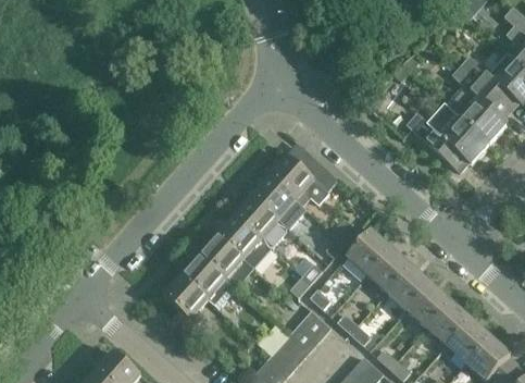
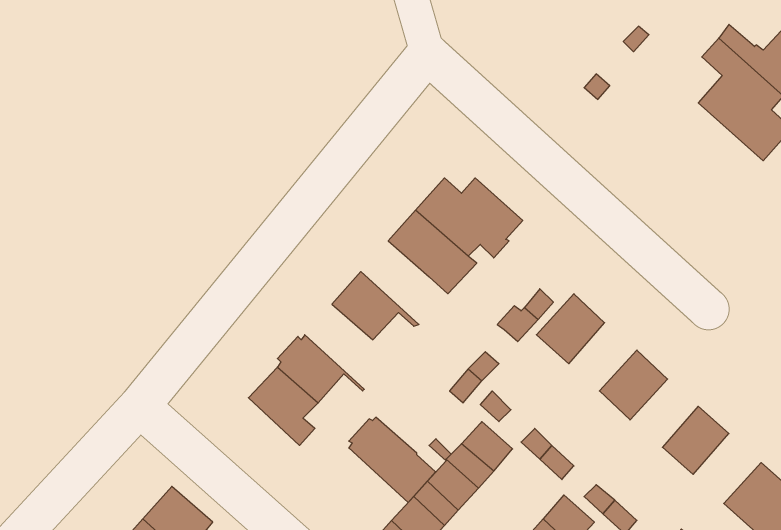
building: [408,104,491,170] -> none
building: [235,195,287,248] -> none
building: [199,235,254,289] -> [349,417,436,502]
building: [367,247,411,291] -> none
building: [407,283,450,326] -> none
building: [447,318,490,362] -> none

